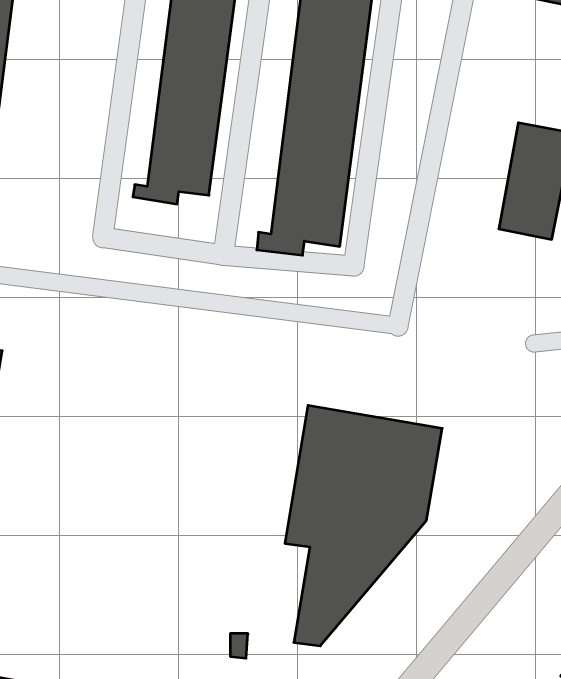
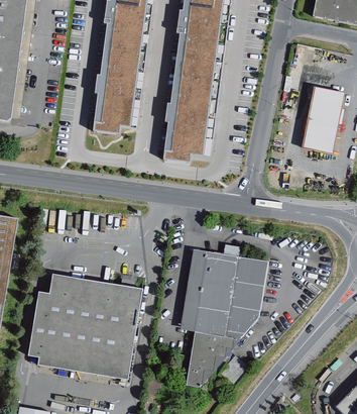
building: none -> [25,272,142,379]

